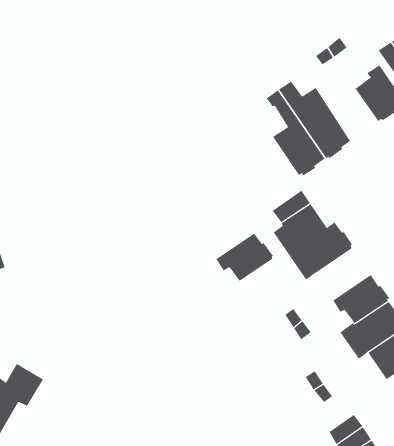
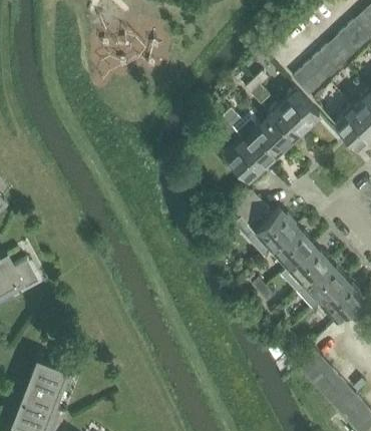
building: none -> [251,106,301,148]
building: [216,233,274,285] -> [270,229,313,270]

